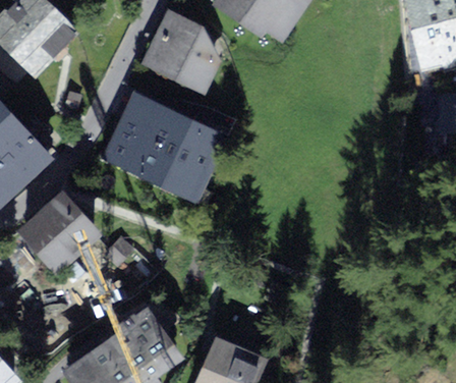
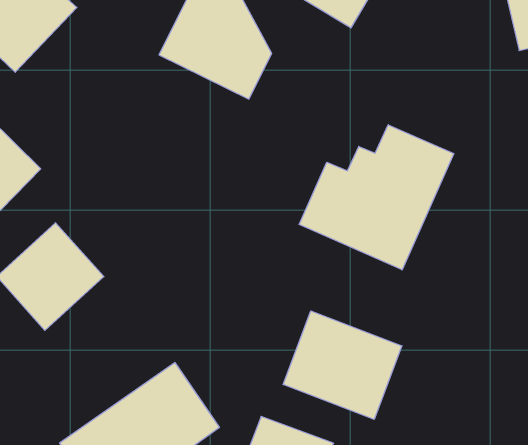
building: [98,92,225,207] -> none
building: none -> [299,125,454,270]
building: none -> [283,311,402,419]

